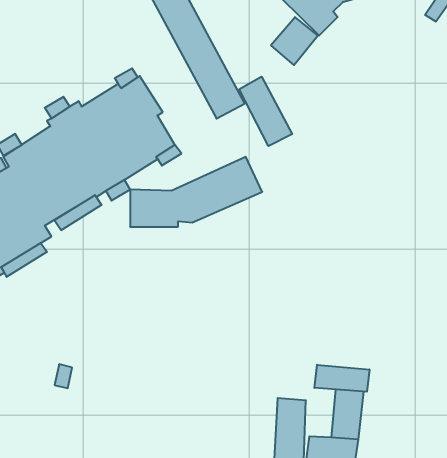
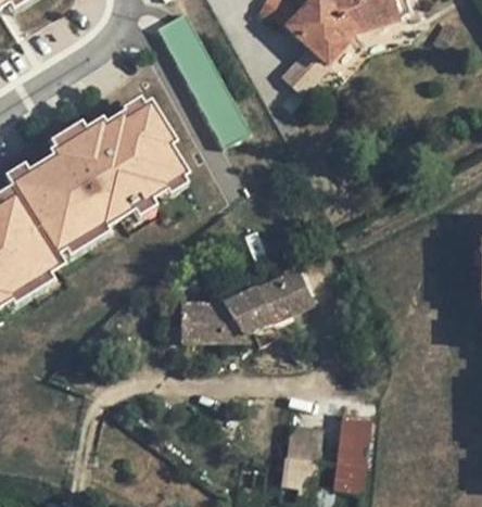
building: [239,77,292,146] -> none
building: [130,157,262,227] -> [182,270,314,340]
building: [314,365,369,392] -> none

